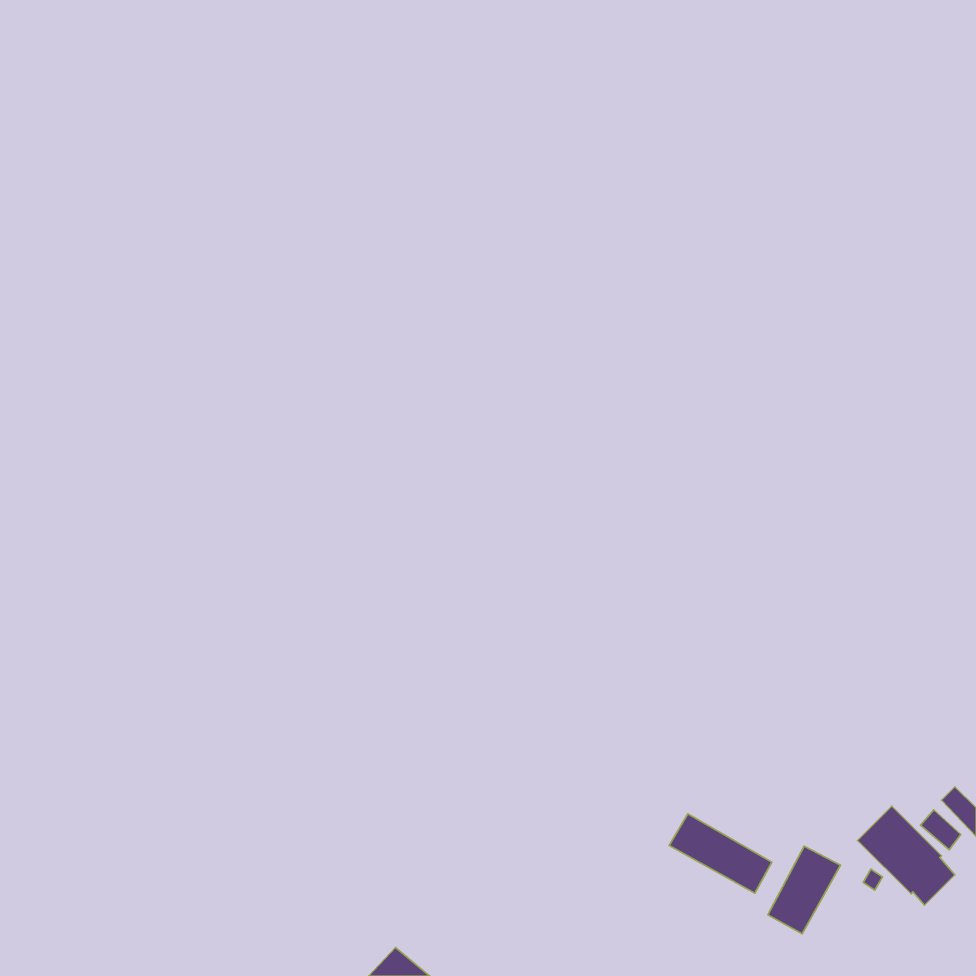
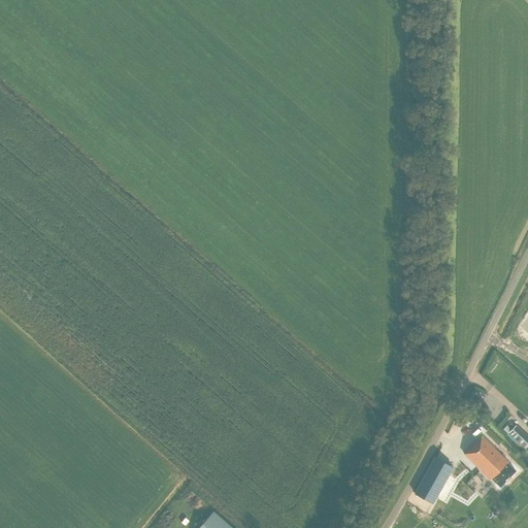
building: [669,814,772,893] -> none

